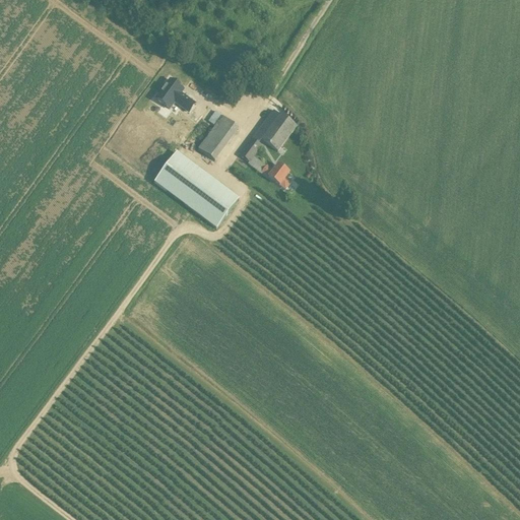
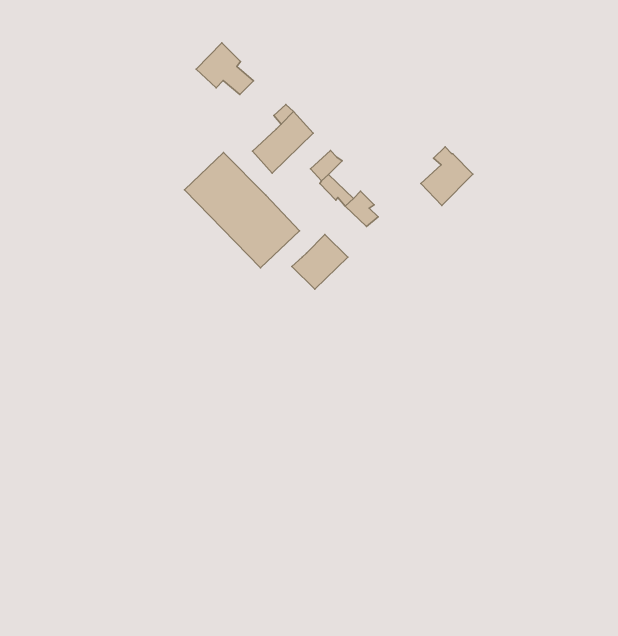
building: [260,108,296,149] -> [421,147,473,206]
building: none -> [292,235,348,289]

